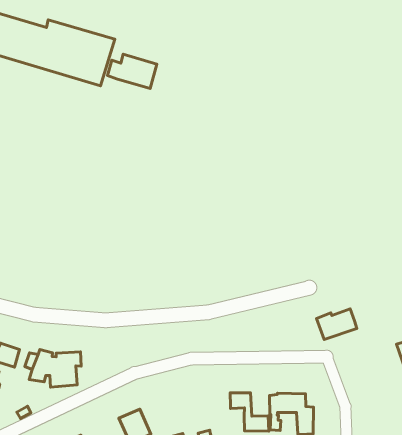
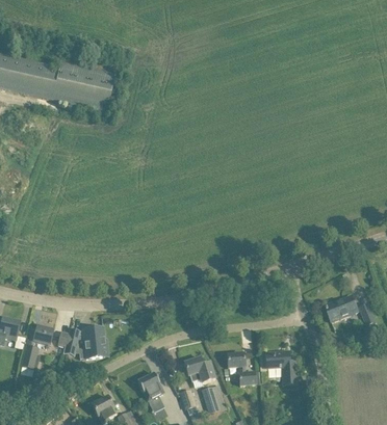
building: [108,54,157,89] -> none
building: [316,309,357,339] -> [325,295,358,321]
building: none -> [184,356,216,382]

